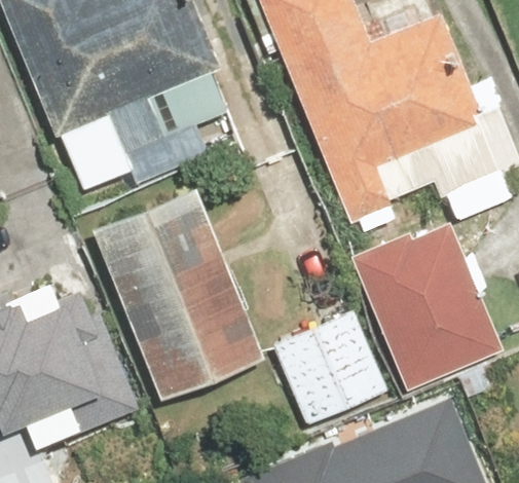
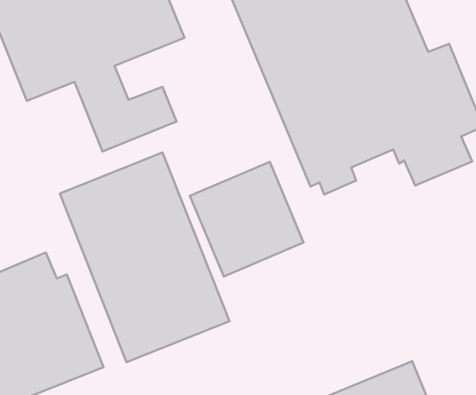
building: [351,222,505,389] -> none
building: [272,308,390,426] -> [190,162,304,277]

